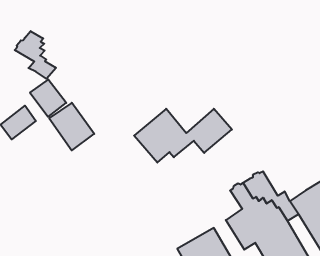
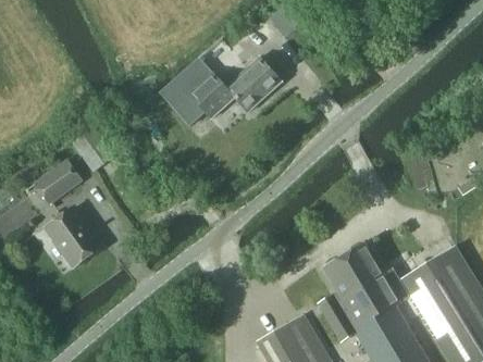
building: [15,31,56,79] -> none
building: [49,103,94,150] -> [46,209,102,269]
building: [134,109,232,163] -> [159,57,282,124]

